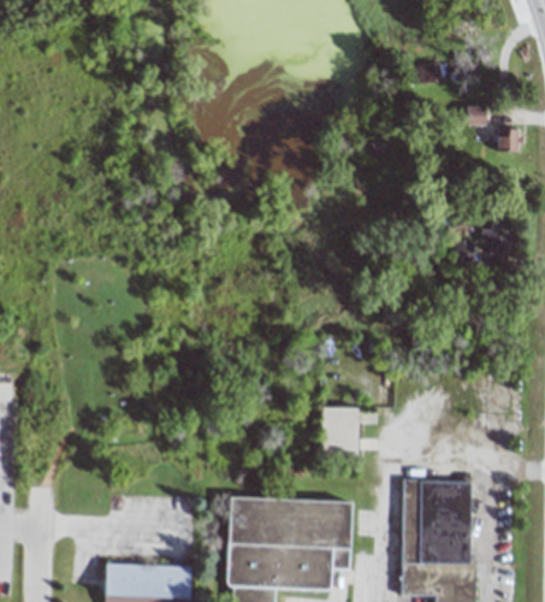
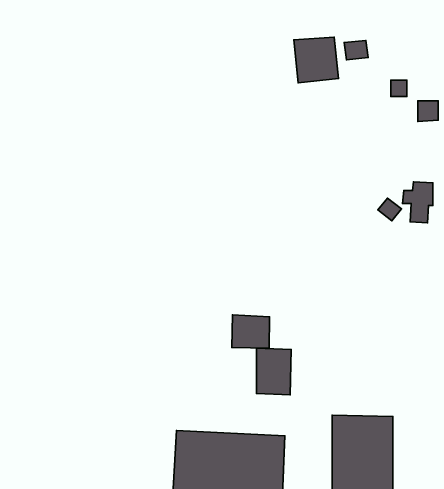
building: none -> [294,37,339,83]
building: none -> [232,315,270,348]

